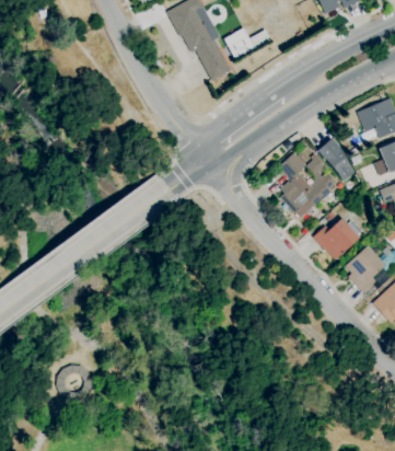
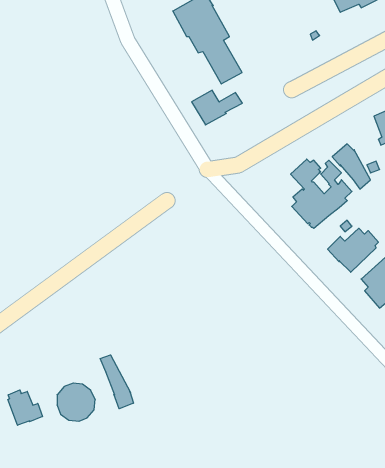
building: [223,27,271,60] -> [192,90,242,125]
building: none -> [100,355,133,409]
building: none -> [8,390,42,425]

